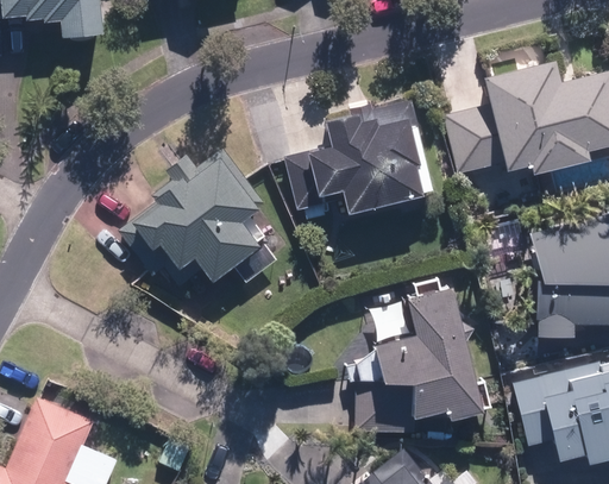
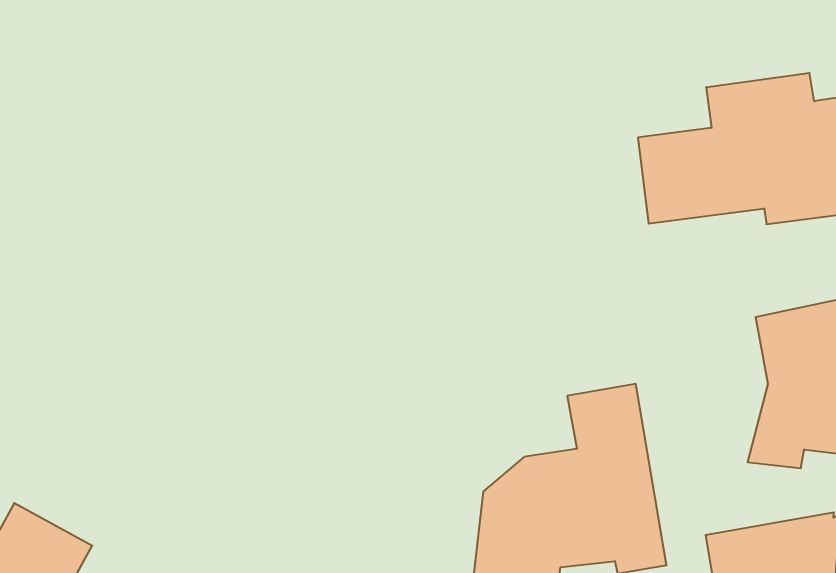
building: [283,100,427,212] -> none
building: [119,150,265,288] -> none

